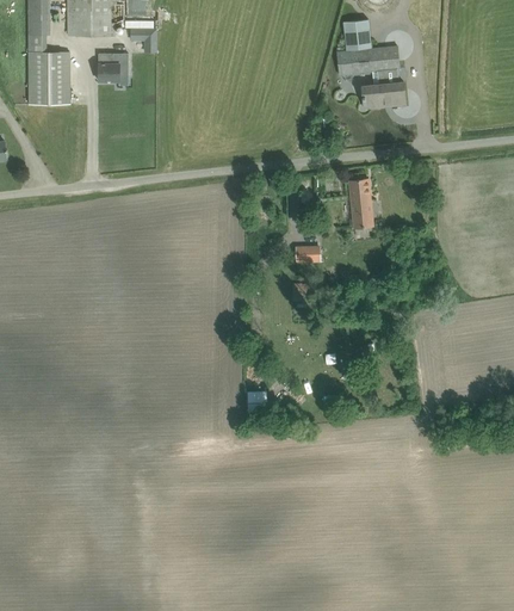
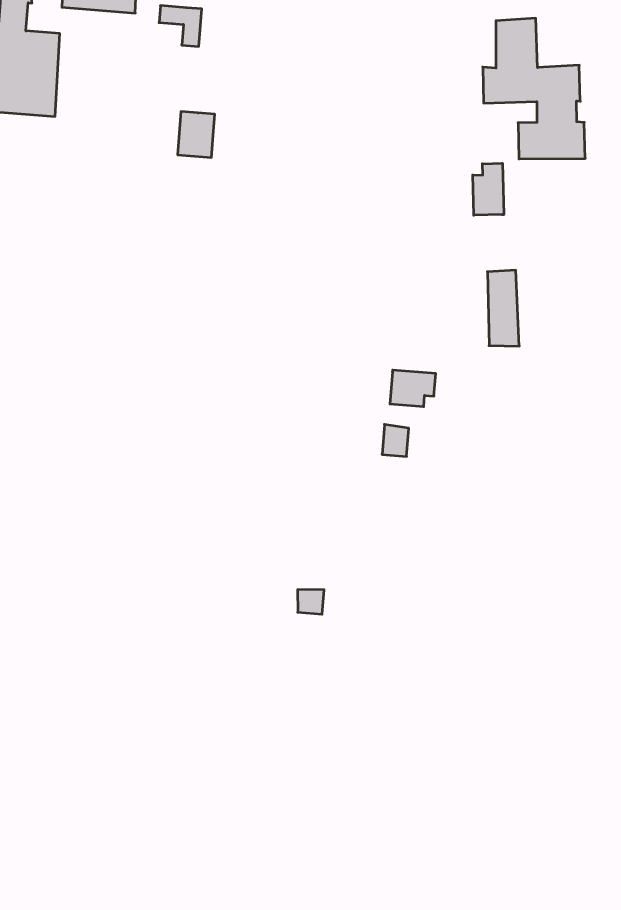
building: [98,53,119,80] -> [178,112,215,157]
building: none -> [473,163,504,215]

